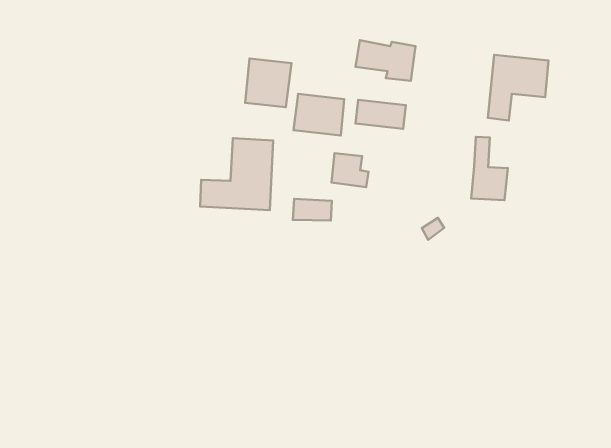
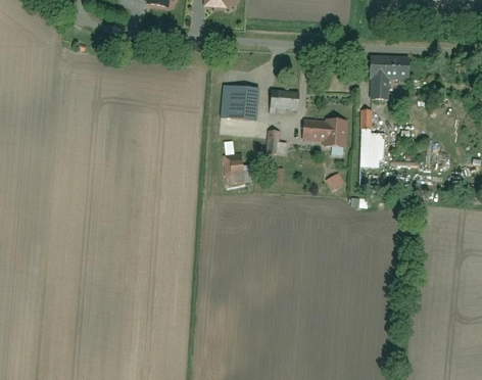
building: [356,40,416,81] -> [301,117,344,145]
building: [245,58,292,107] -> none
building: [200,138,273,210] -> none

